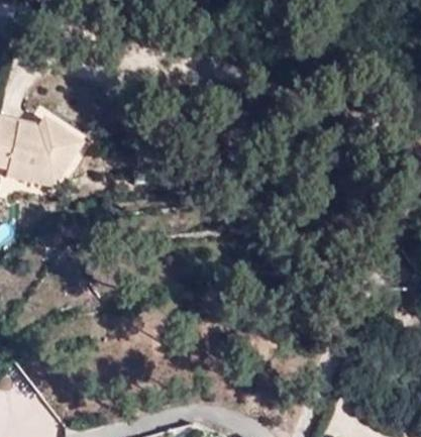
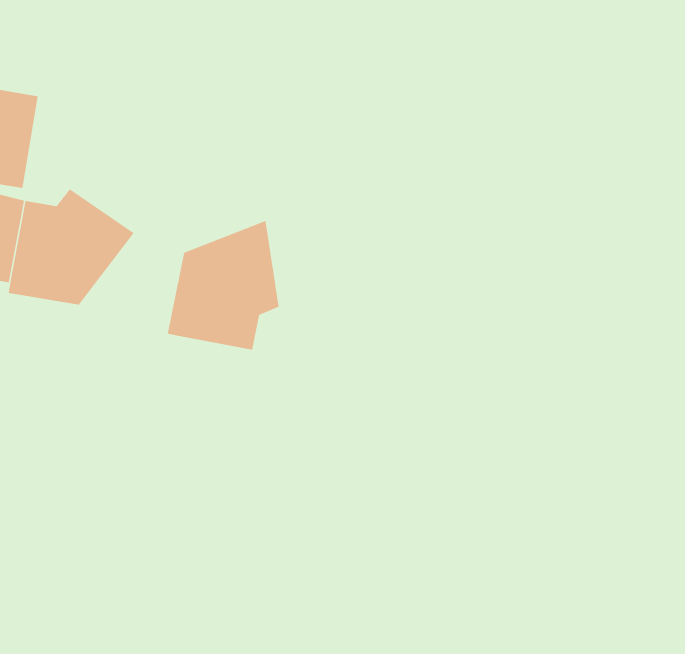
building: none -> [167,220,279,350]

